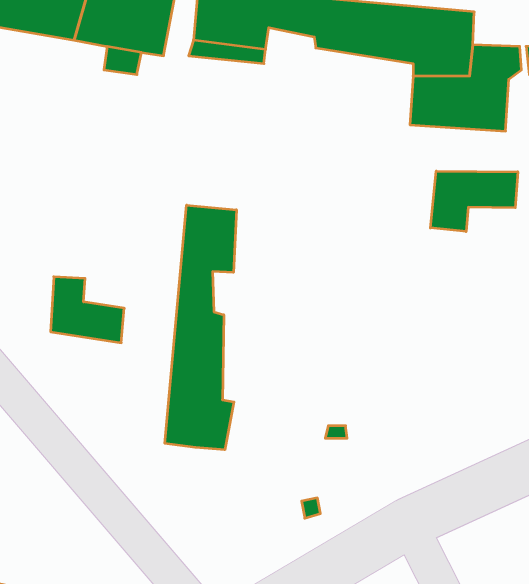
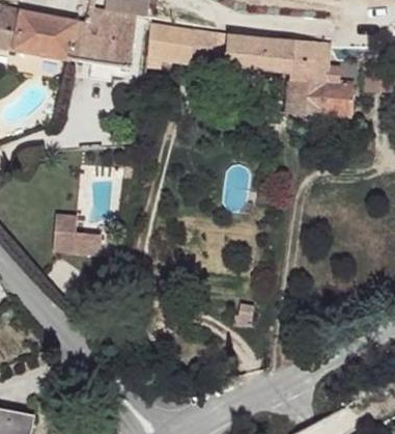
building: [430,171,518,232] -> none
building: [165,205,236,450] -> none

